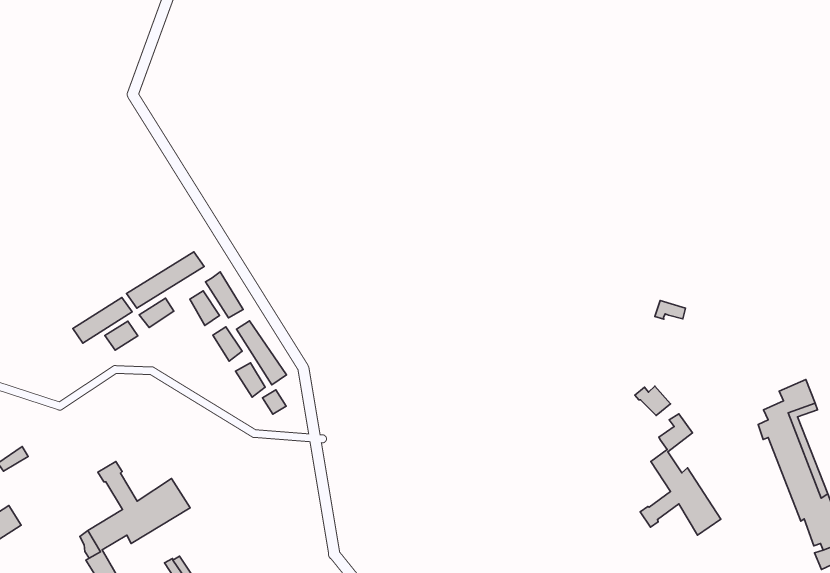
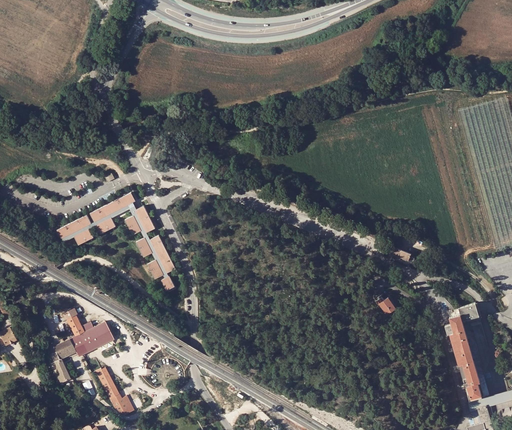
building: [640,414,721,535] -> none

